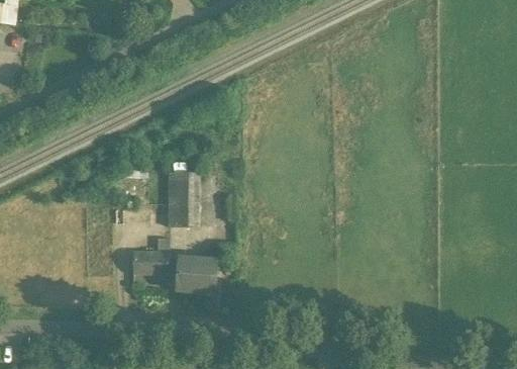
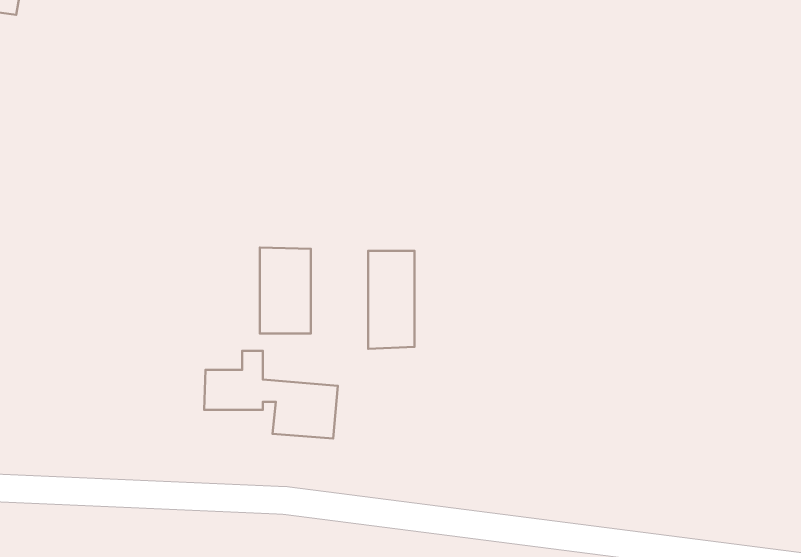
building: none -> [368,251,415,349]

